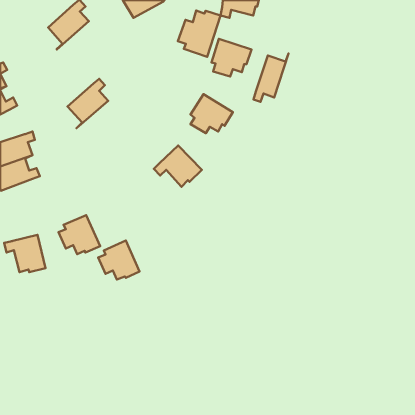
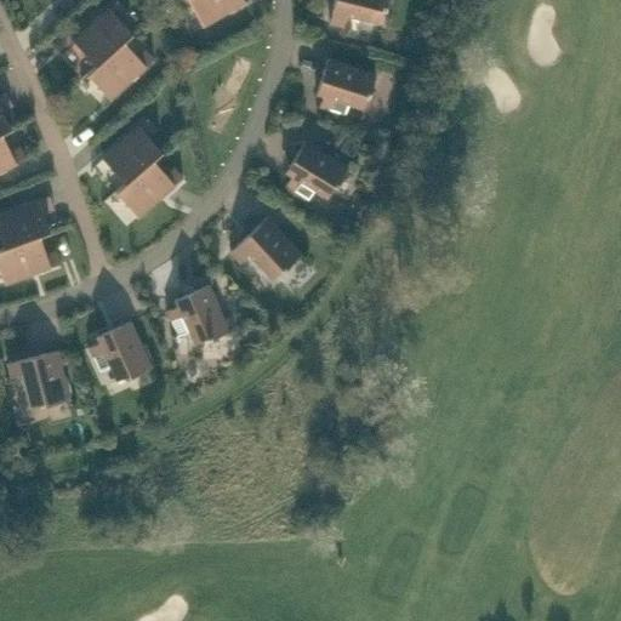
building: [178,11,221,57] -> none
building: none -> [86,32,155,99]
building: [253,53,289,102] -> none
building: none -> [115,150,184,217]
building: [98,241,140,280] -> [166,285,228,343]

